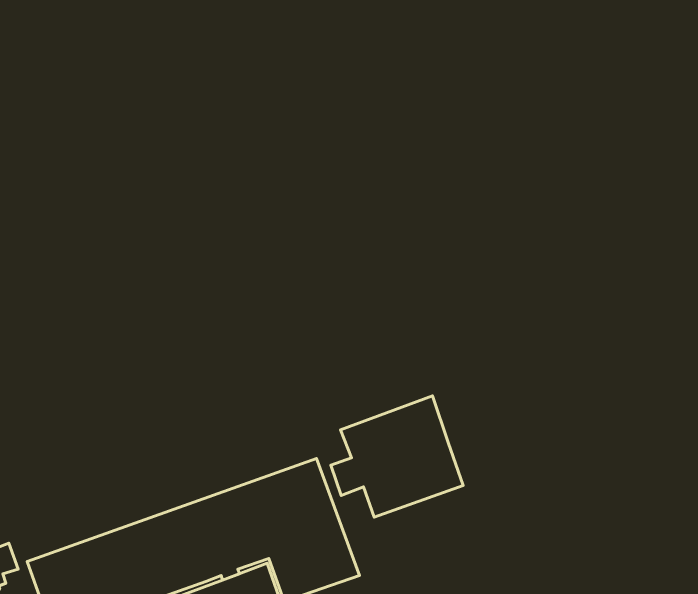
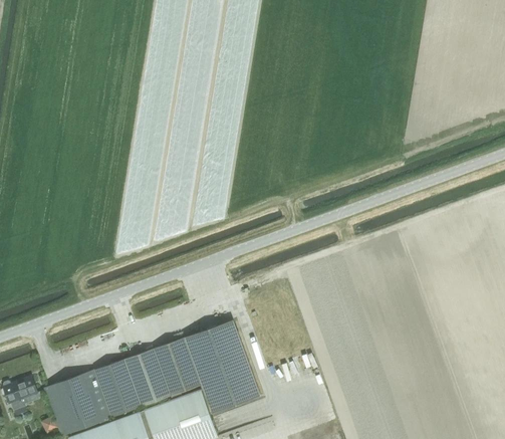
building: [331,396,463,517] -> none

